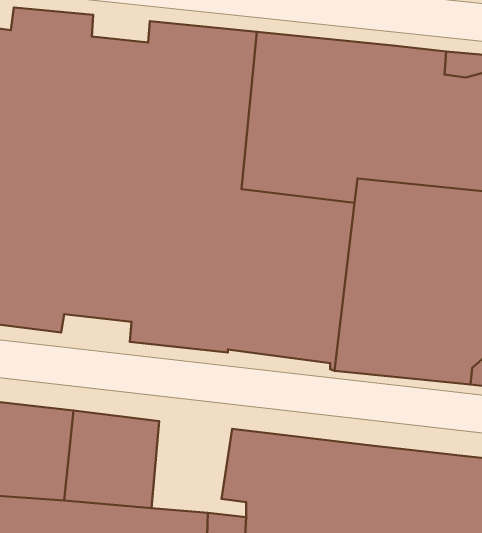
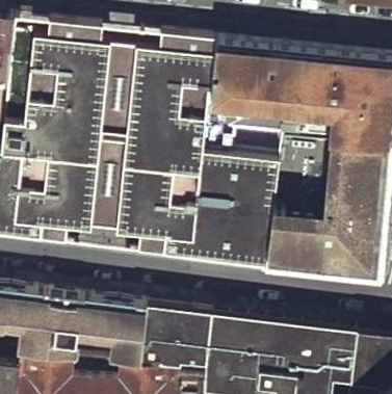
building: none -> [141,306,206,371]

